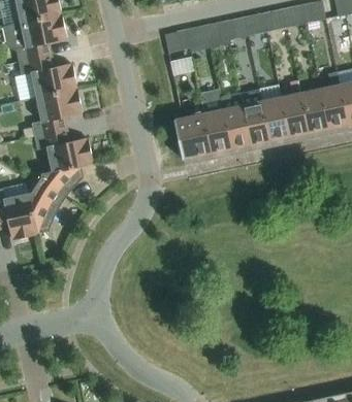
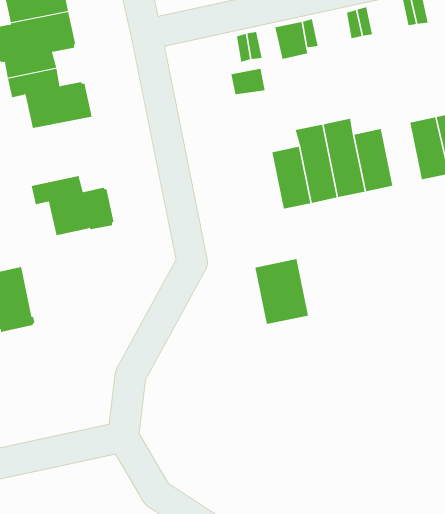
building: [281,79,309,136] -> none
building: [31,88,83,136] -> none
building: [173,112,212,159] -> [255,259,309,325]
building: [28,166,77,228] -> none

